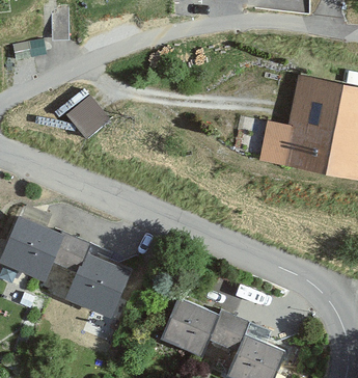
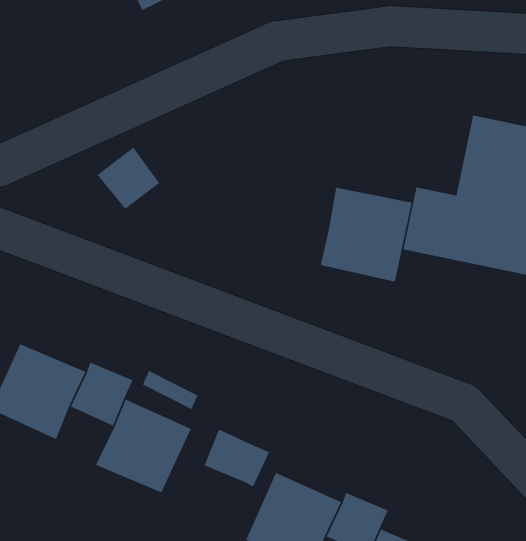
building: none -> [320,187,412,282]
building: none -> [203,429,270,488]

